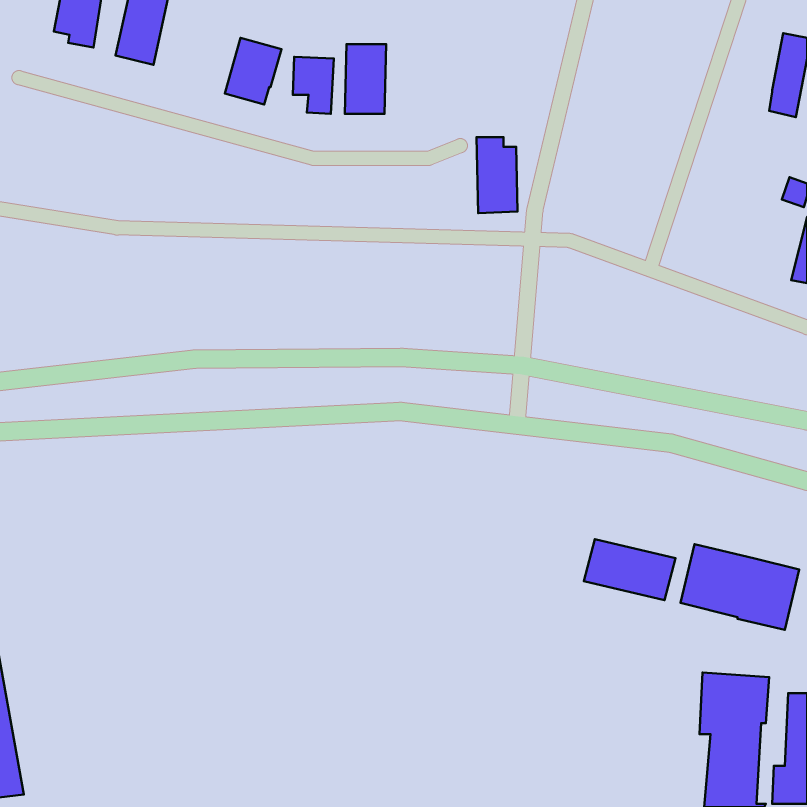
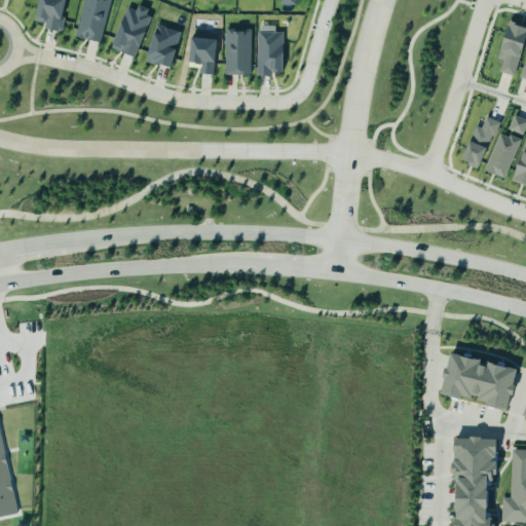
building: none -> [111,4,152,57]
building: [477,137,518,213] -> [257,25,284,74]
building: none -> [461,116,498,167]
building: none -> [484,132,520,179]
building: [584,539,676,600] -> none

